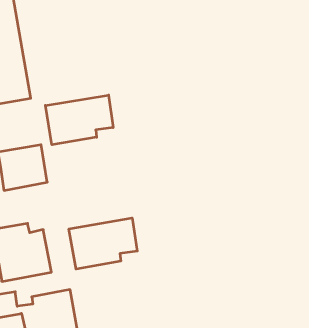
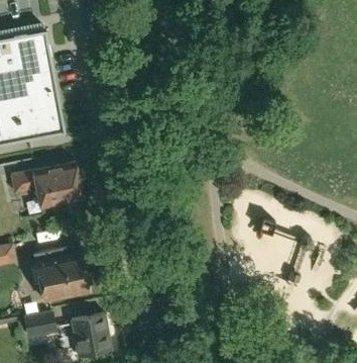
building: [45,95,113,145] -> none
building: [69,218,137,269] -> none

